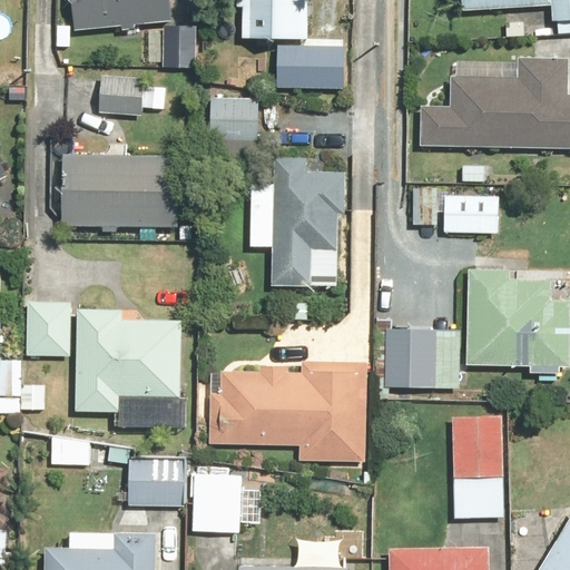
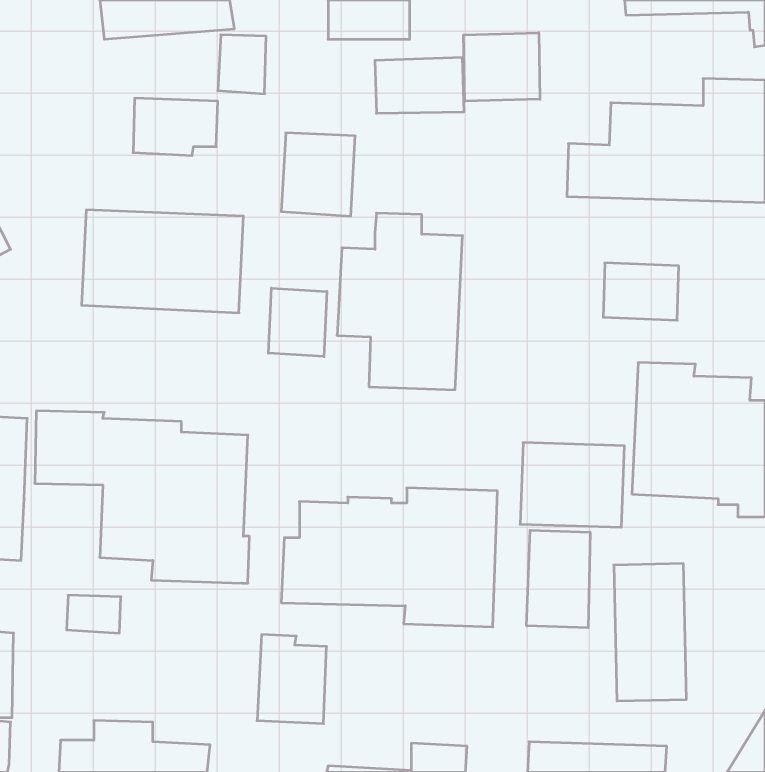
building: none -> [464,33,540,101]
building: none -> [268,288,327,357]
building: none -> [527,530,590,628]
building: [126,461,183,508] -> none

